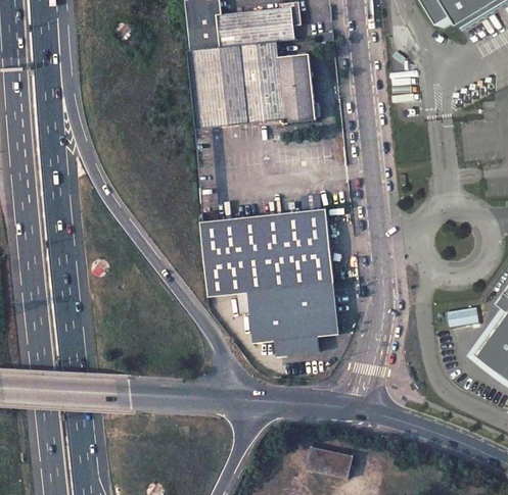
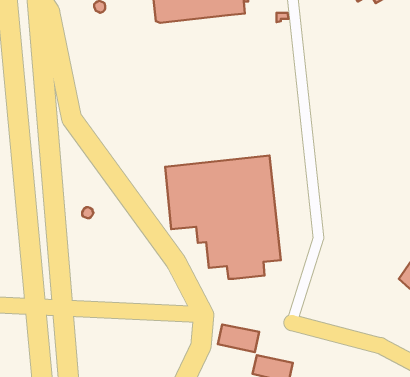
building: [194,41,315,126] -> none
building: none -> [218,325,259,352]

